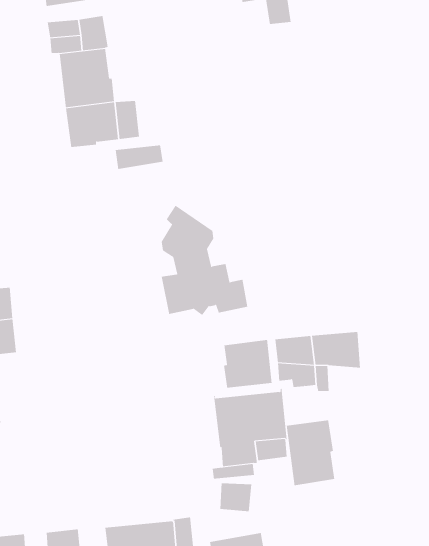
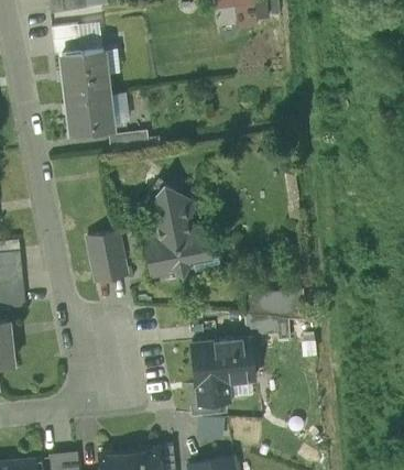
building: none -> [87,232,125,282]
building: [223,339,272,388] -> none
building: [286,420,335,486] -> none

